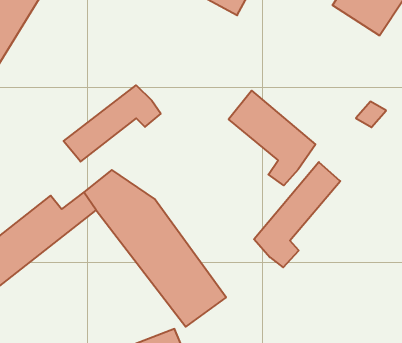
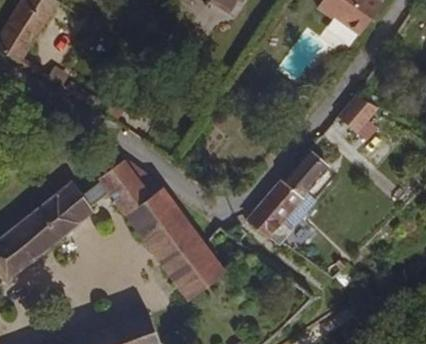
building: [64,85,161,162] -> none
building: [229,91,315,185] -> none

